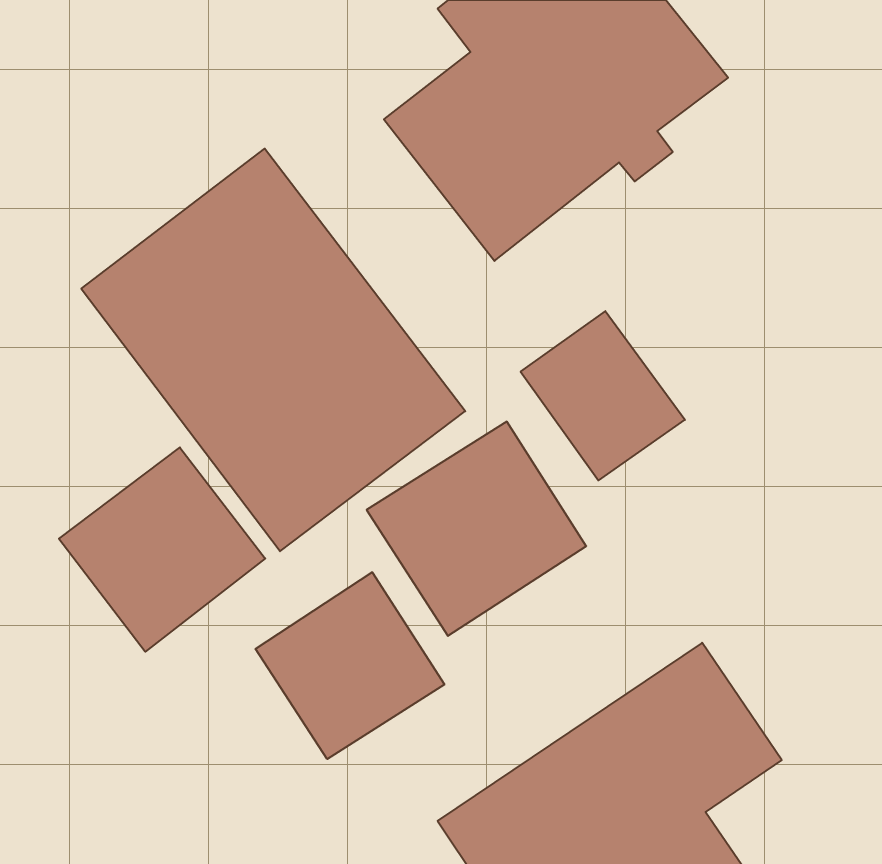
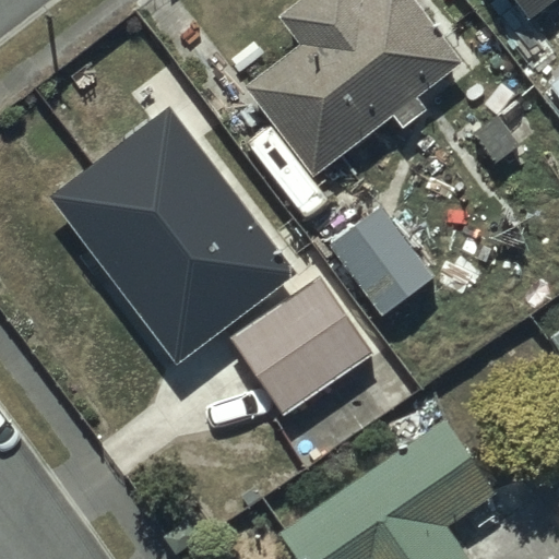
building: [59,447,265,652] -> none
building: [256,572,444,759] -> none

